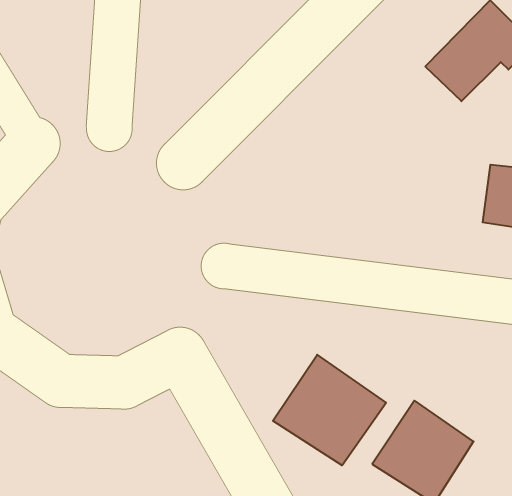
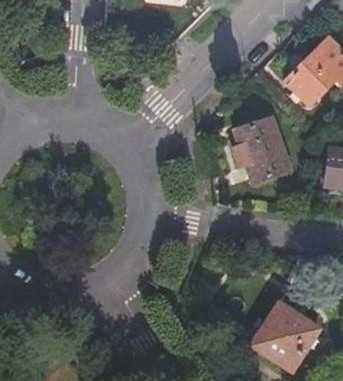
building: none -> [233,119,291,184]
building: [273,355,386,465] -> none

